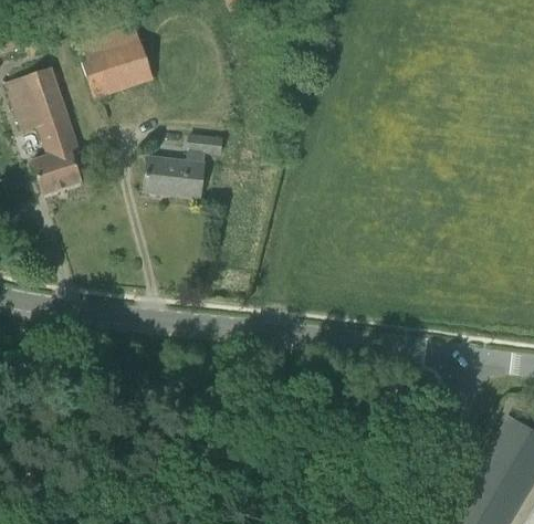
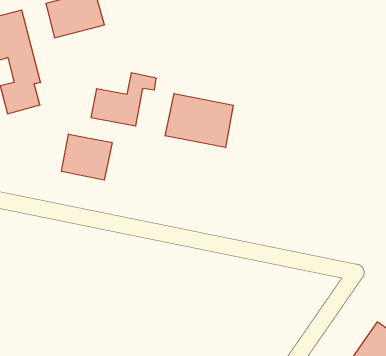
building: none -> [165,93,233,148]
building: none -> [62,134,112,180]

